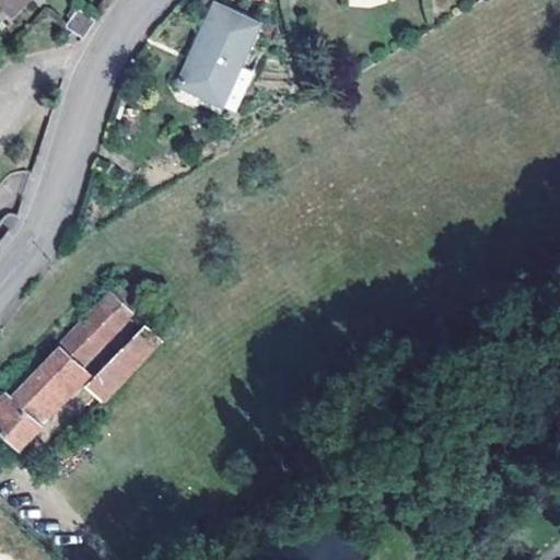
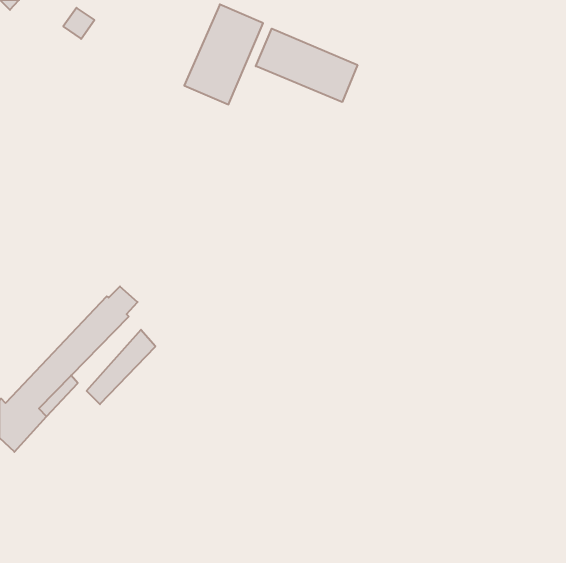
building: none -> [256,29,357,102]

